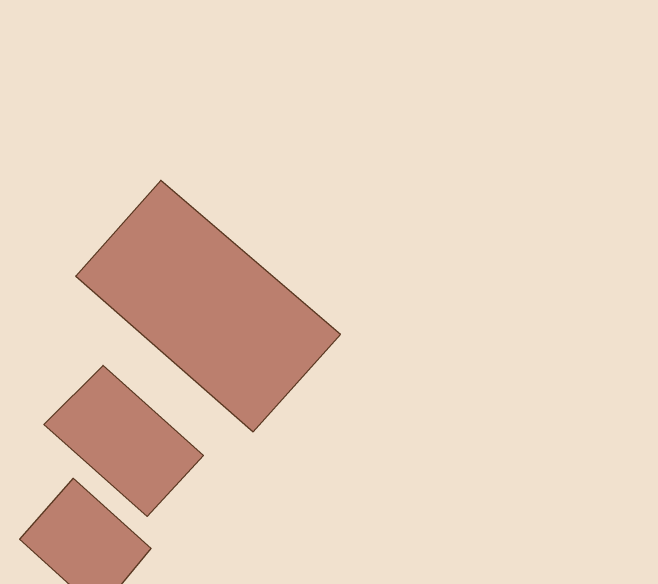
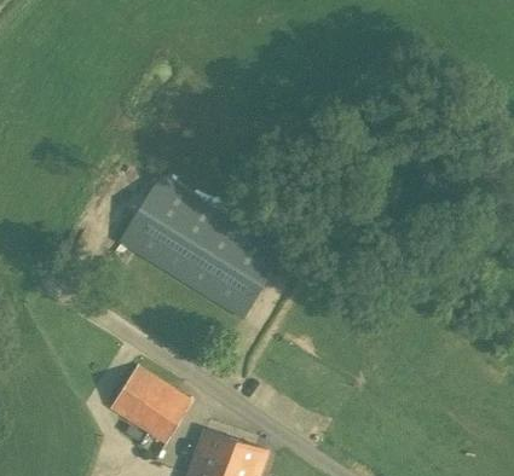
building: [44,365,203,516] -> none

